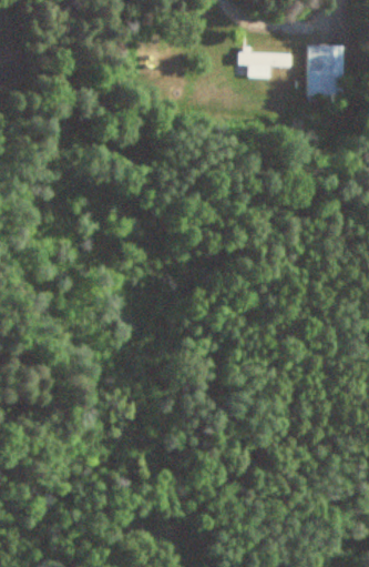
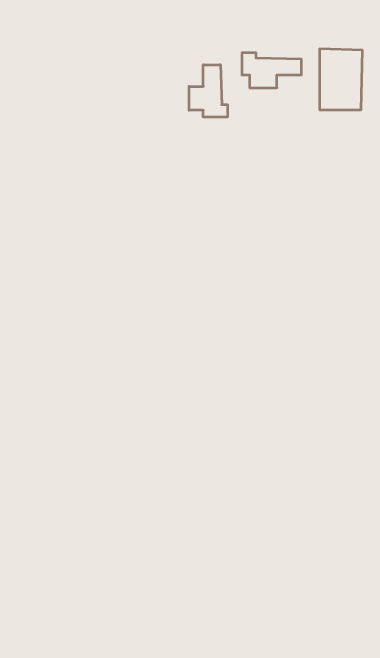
building: none -> [189,65,227,117]

